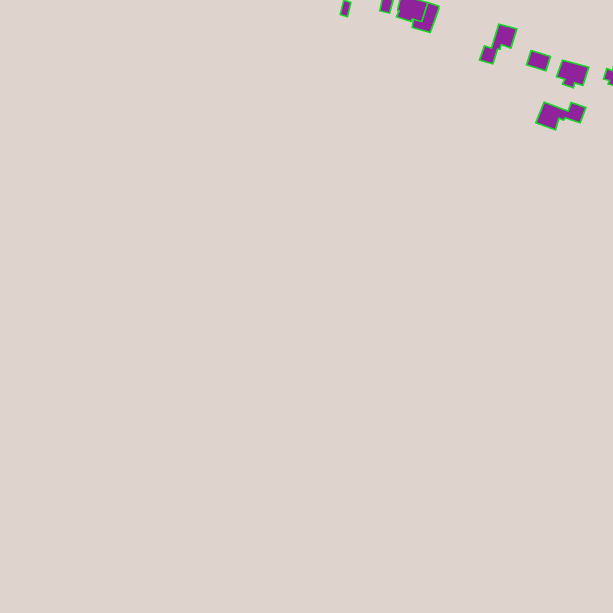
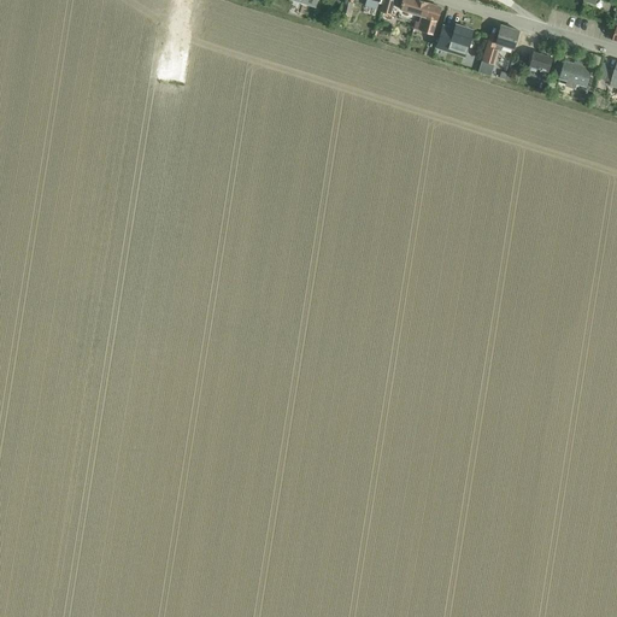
building: none -> [436,23,474,55]
building: [536,102,586,130] -> none

